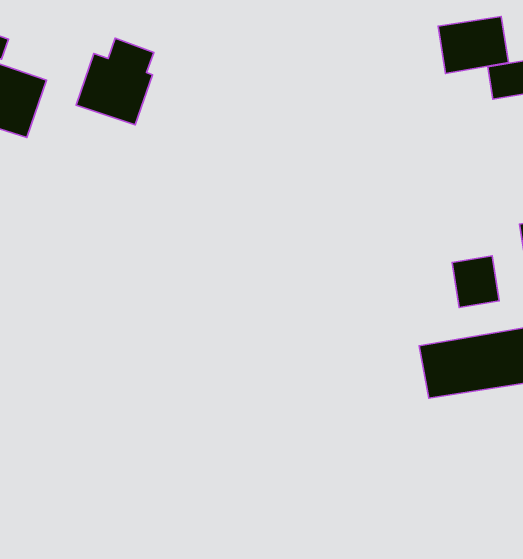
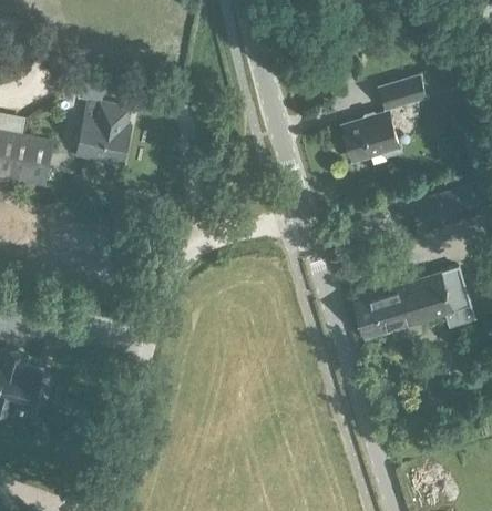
building: [438,17,508,74] -> [342,113,398,161]
building: [452,256,499,308] -> none

